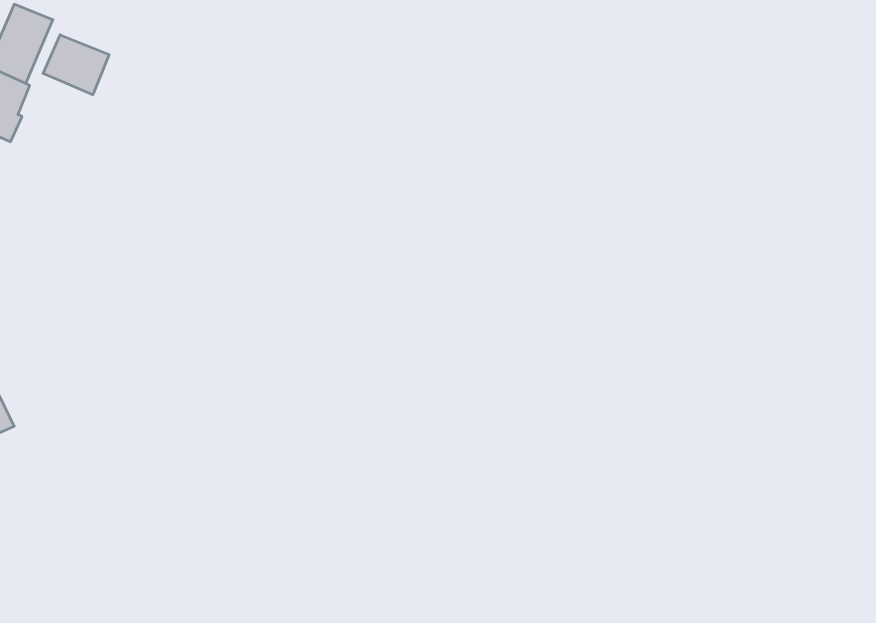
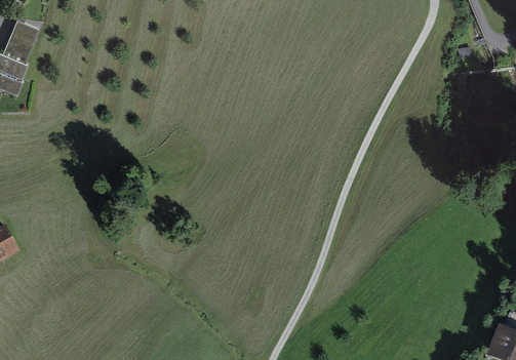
building: [43,35,109,95] -> none

